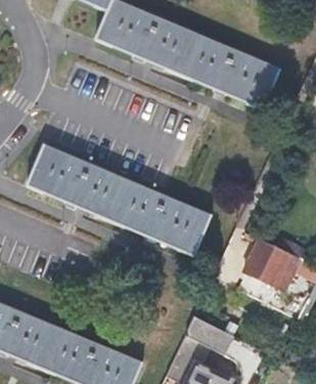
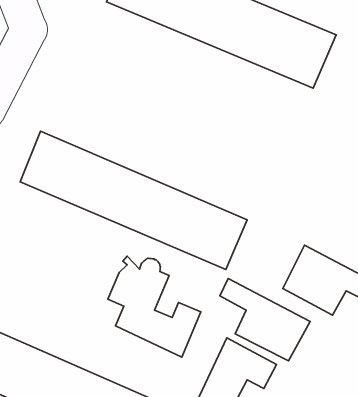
building: none -> [108,256,201,357]
building: none -> [220,278,310,361]

